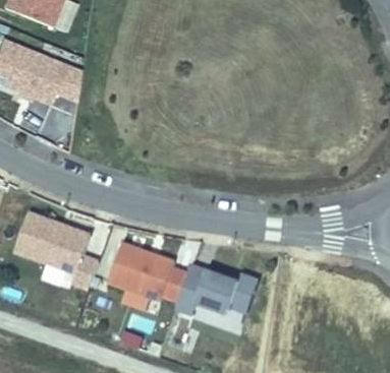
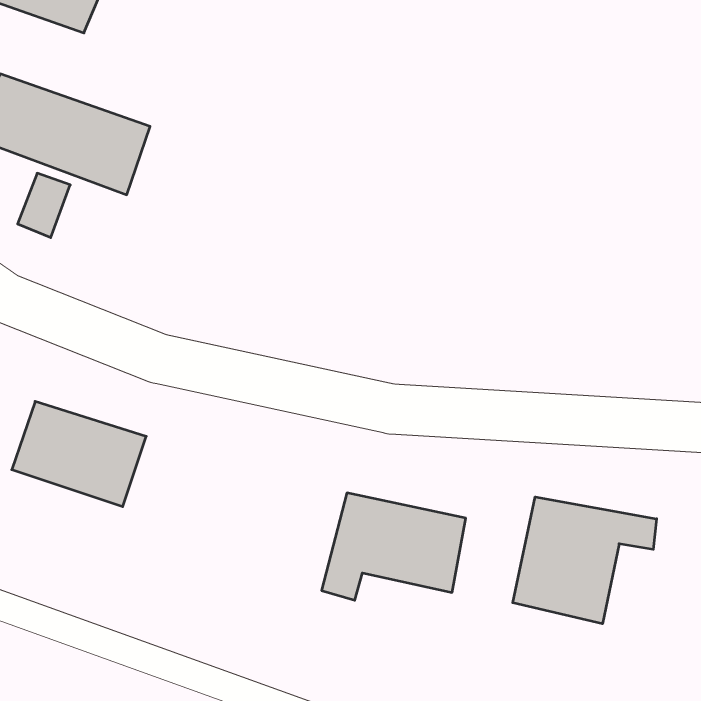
building: [107,241,180,297] -> none
building: none -> [513,497,657,624]

